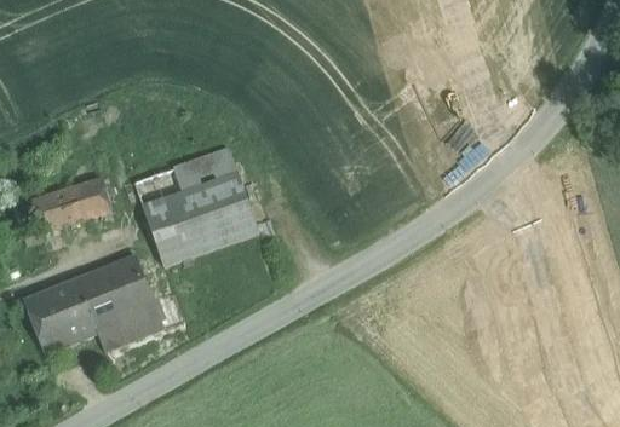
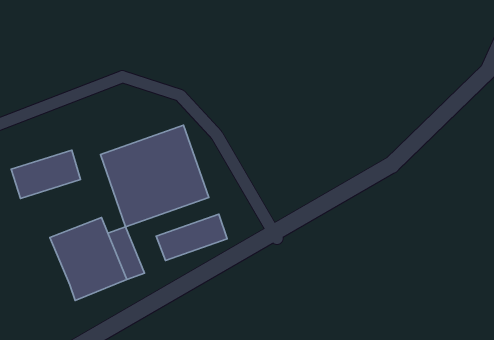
building: none -> [156,214,227,260]
building: [23,277,98,353] -> none

